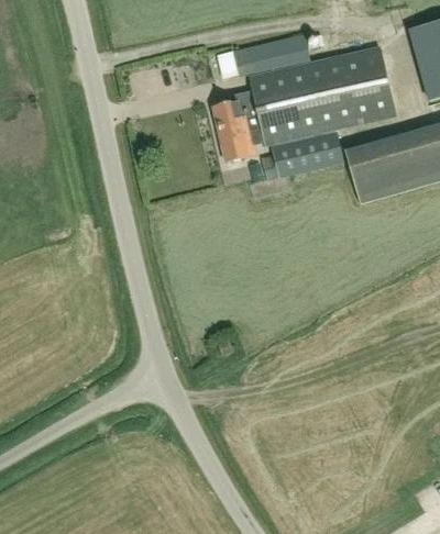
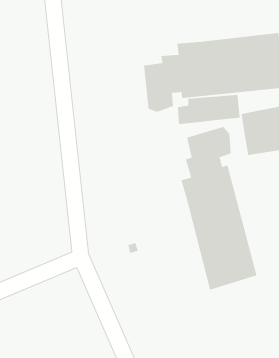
building: [217,32,310,80] -> none
building: none -> [181,126,257,290]

